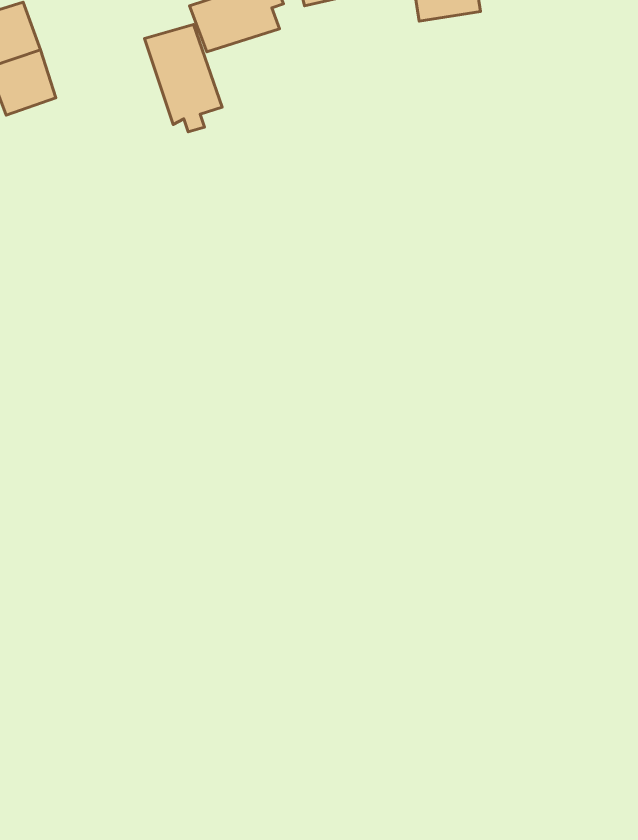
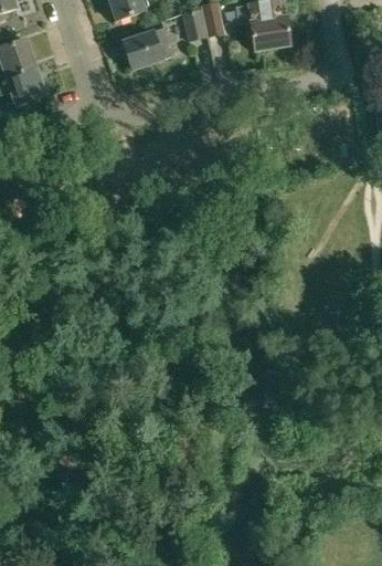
building: [144,24,222,132] -> none

